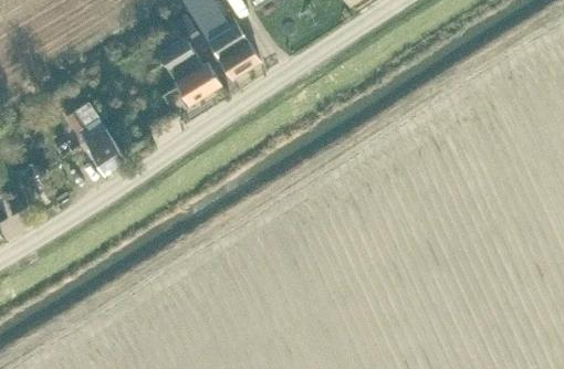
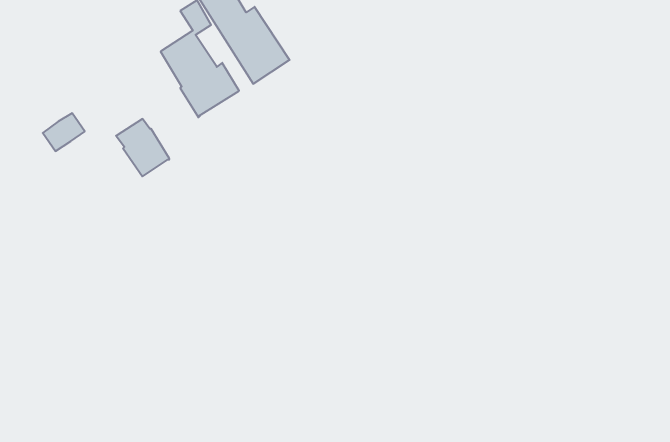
building: [81,124,123,169] -> [116,119,169,176]

